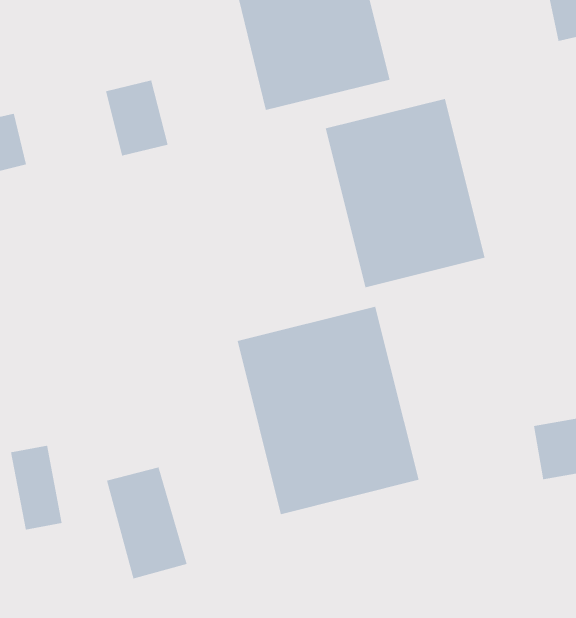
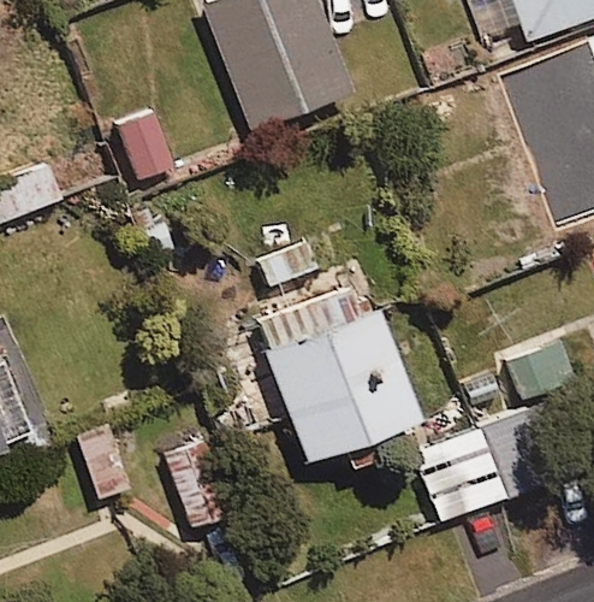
building: [325,98,485,288] -> none
building: none -> [411,427,504,521]

